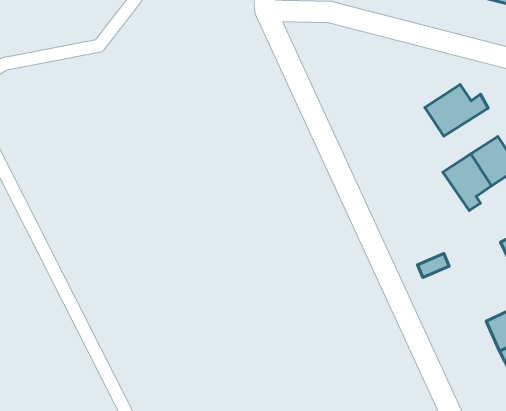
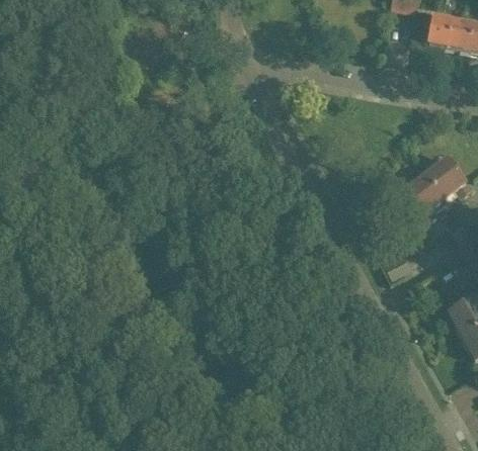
building: [425,84,488,136] -> none

